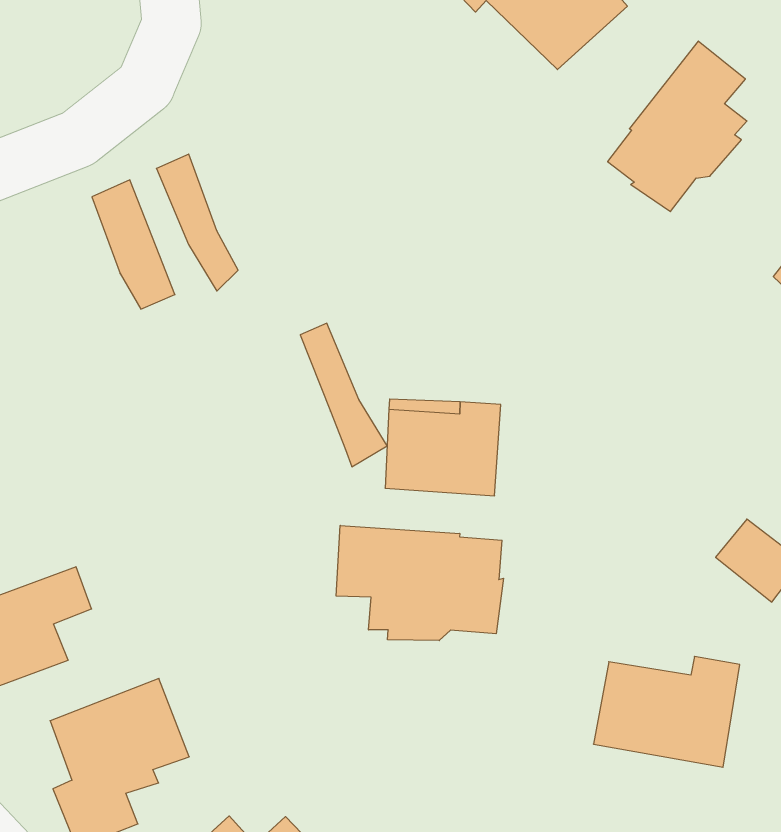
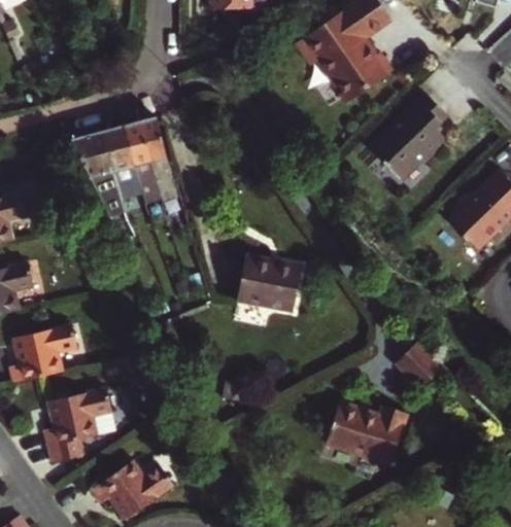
building: none -> [75,134,127,214]
building: [300,323,387,467] -> [126,124,163,199]
building: [336,525,503,641] -> none

